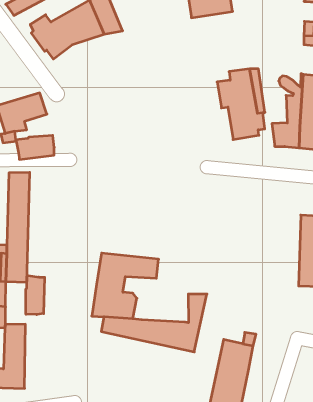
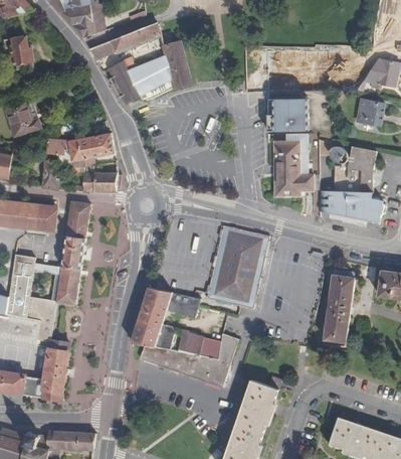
building: none -> [264,99,306,132]
building: none -> [207,224,267,306]
building: [26,276,45,315] -> none
building: none -> [177,332,220,358]

